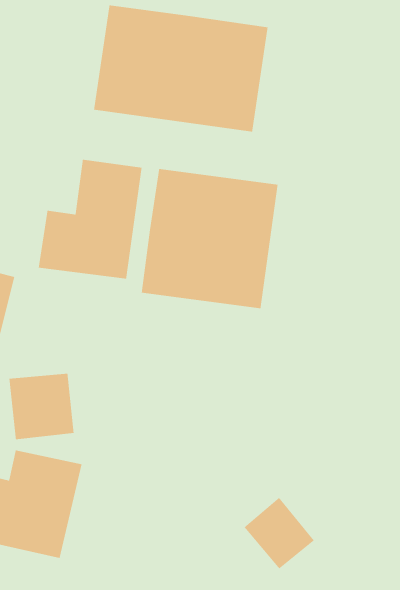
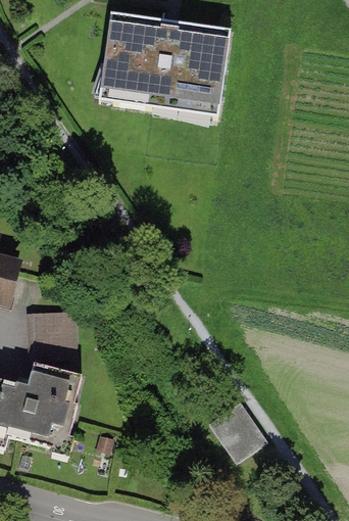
building: [38,159,142,280] -> none
building: [141,168,279,309] -> none

